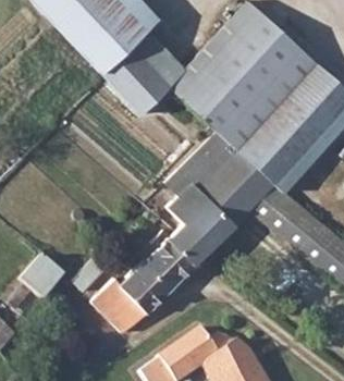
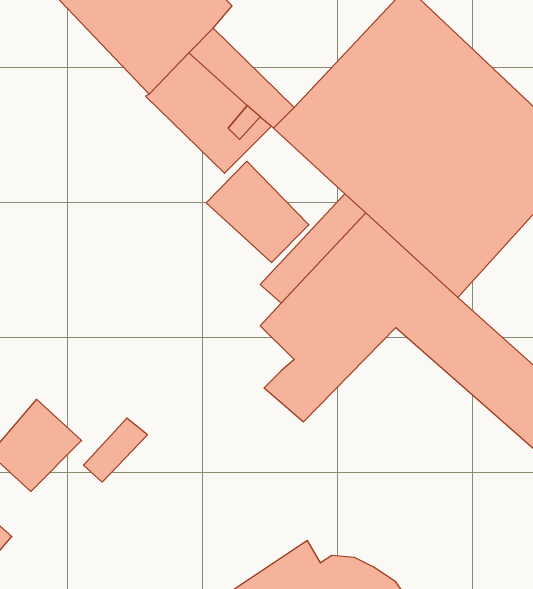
building: none -> [206,161,309,263]
building: [89,234,195,335] -> none

